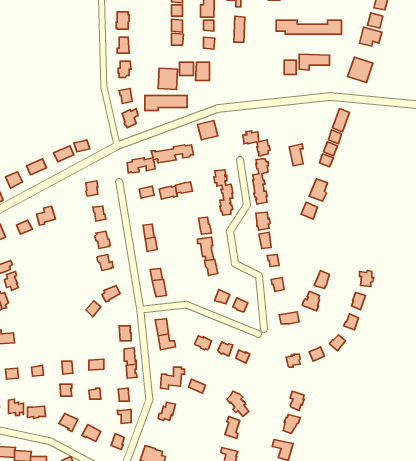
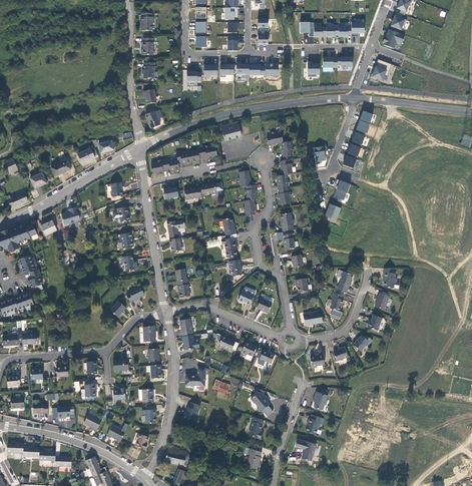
building: [145,95,187,111] -> [237,64,279,79]

